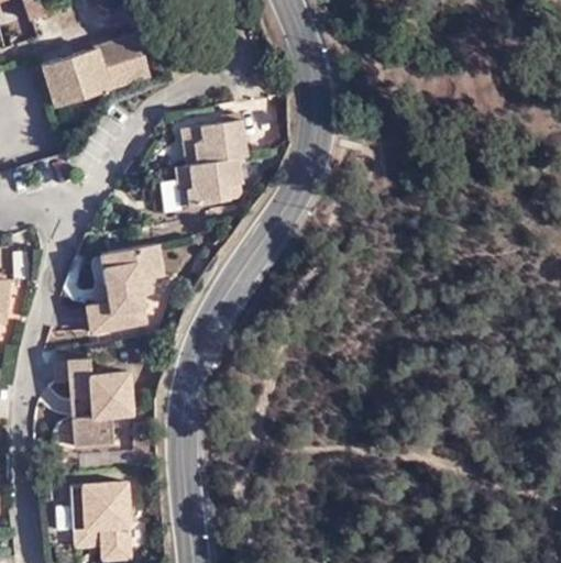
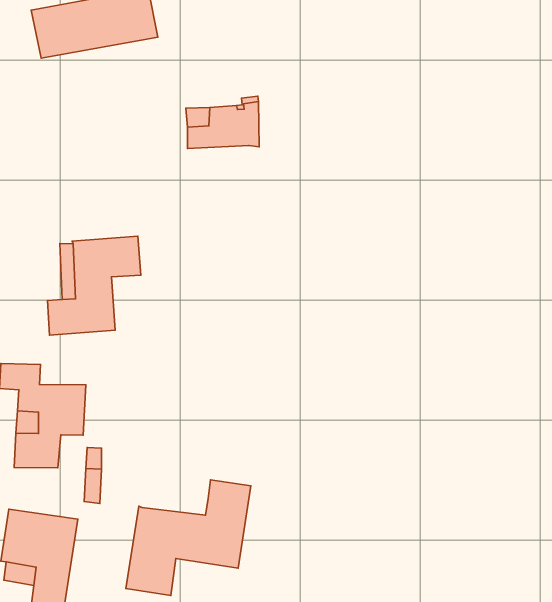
building: [177,157,241,209] -> none
building: none -> [126,480,251,596]

